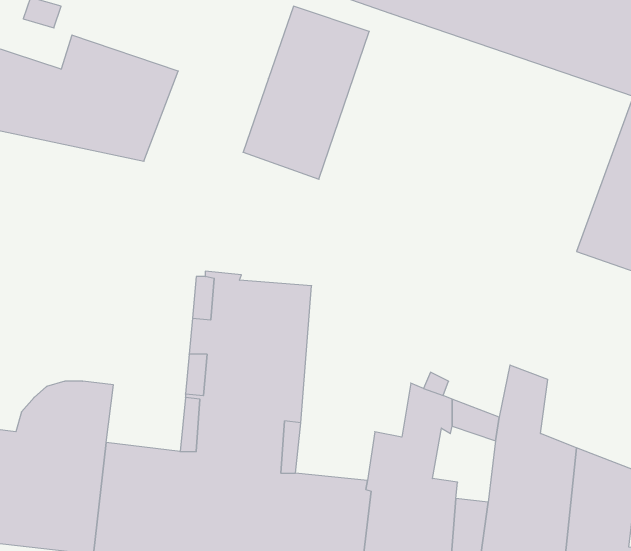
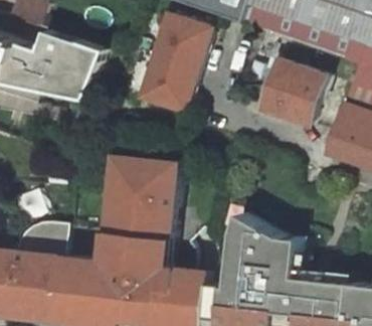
building: none -> [259,59,337,128]

